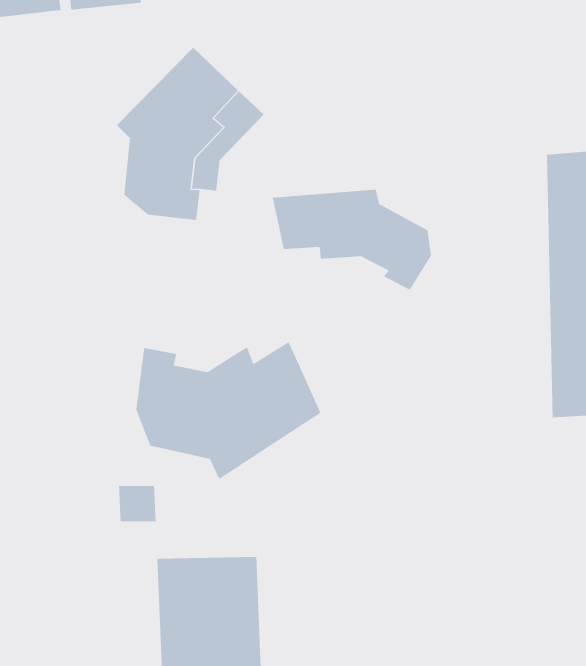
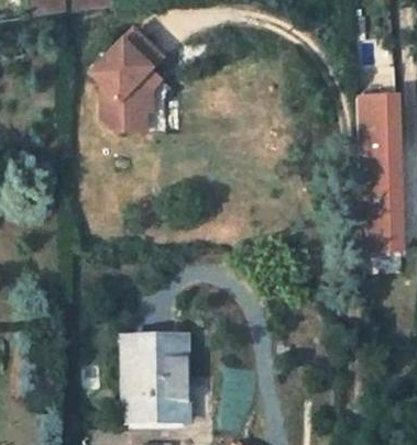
building: [272,189,431,291] -> none
building: [136,341,321,480] -> none

